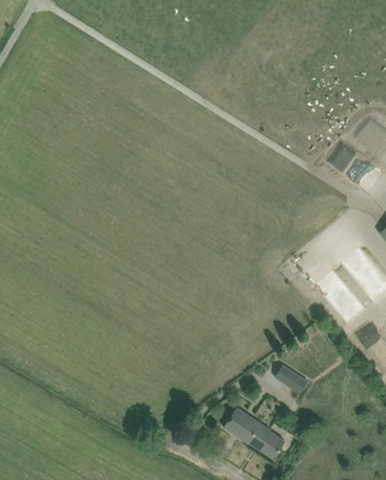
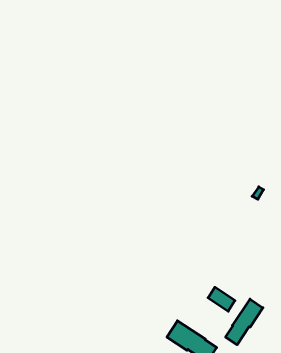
building: none -> [226,299,263,345]

